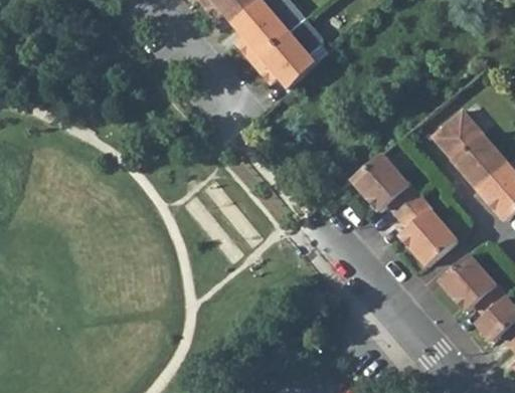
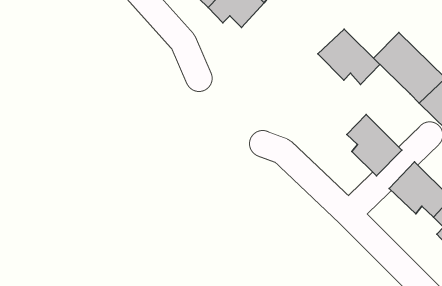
building: [351,154,418,216] -> [318,29,380,84]

